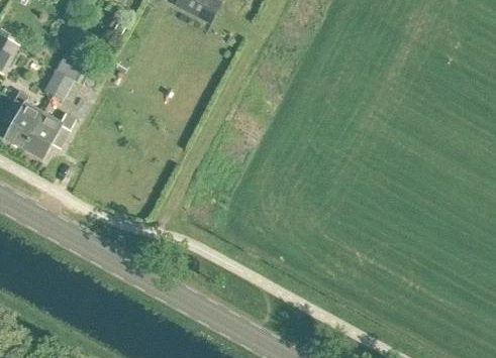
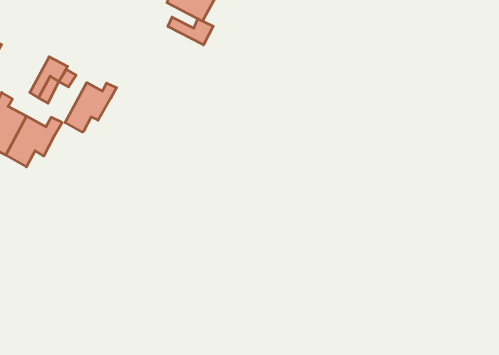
building: none -> [168,17,213,45]
building: none -> [65,83,117,132]

